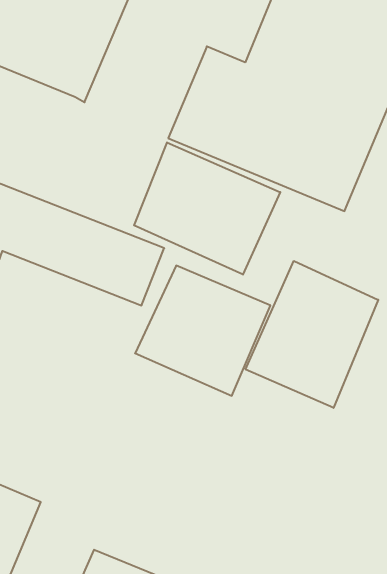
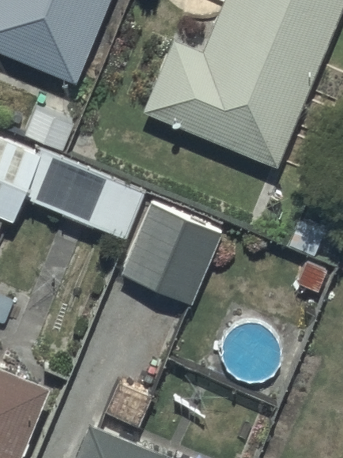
building: [134,142,280,275] -> none
building: [246,261,378,408] -> none

